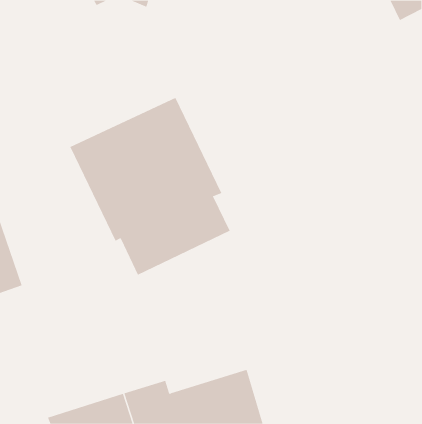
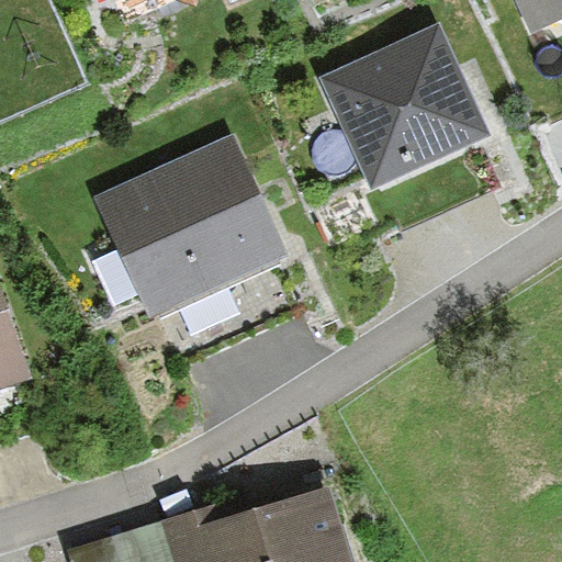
building: none -> [317,24,487,191]

